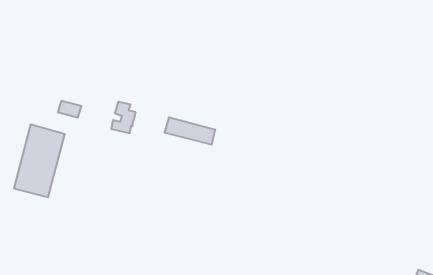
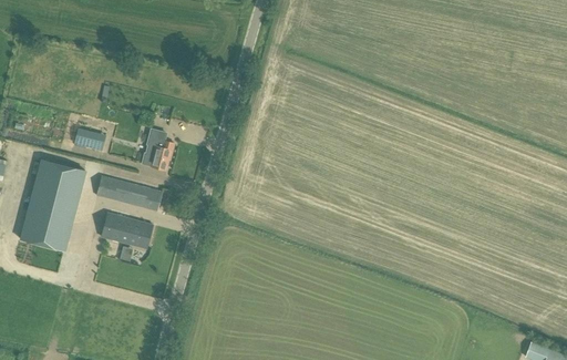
building: [164,117,215,145] -> [96,176,161,210]
building: none -> [102,213,153,249]

